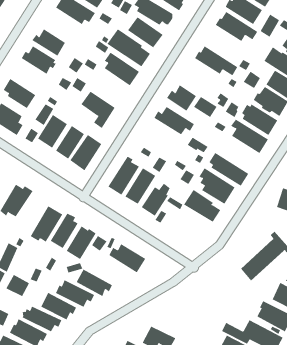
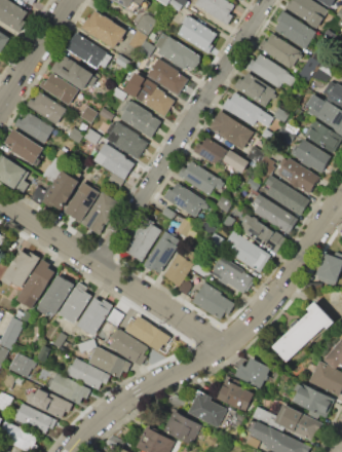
building: none -> [49,55,96,90]
building: none -> [233,73,275,107]
building: none -> [207,111,252,149]
building: none -> [20,113,53,144]
building: none -> [103,122,148,159]
building: none -> [162,184,205,218]
building: none -> [254,194,297,234]
building: none -> [16,259,54,309]
building: none -> [191,281,234,321]
building: none -> [108,330,148,367]
building: none -> [235,359,269,388]
building: none -> [218,380,256,412]
building: none -> [189,393,228,427]

